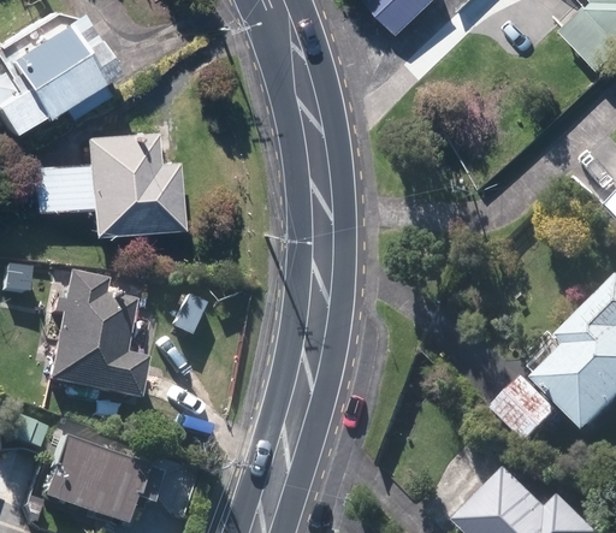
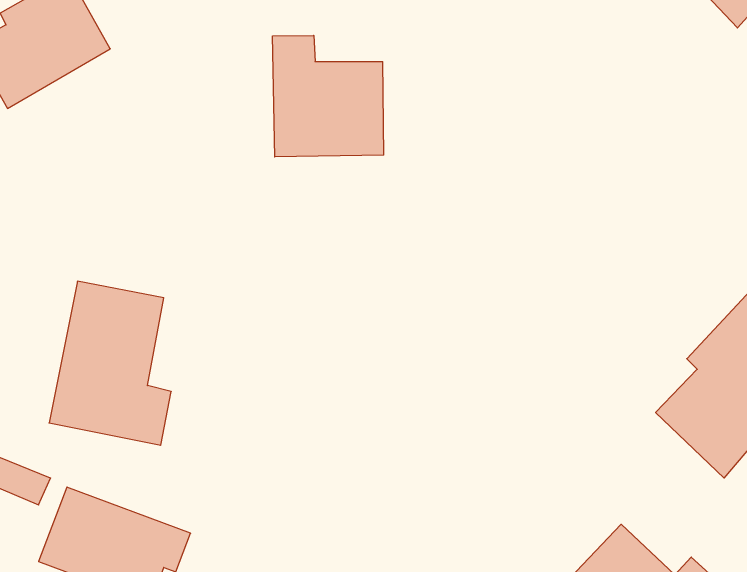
building: none -> [273,35,384,157]
building: [35,132,184,233] -> none
building: [496,372,565,442] -> none

